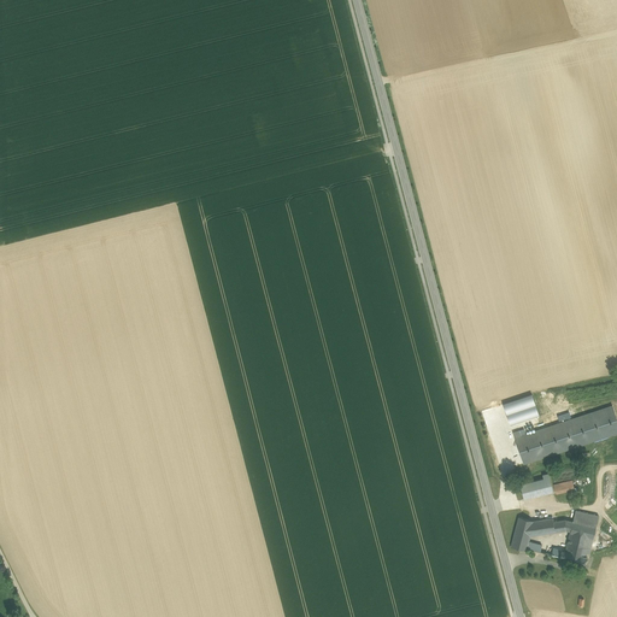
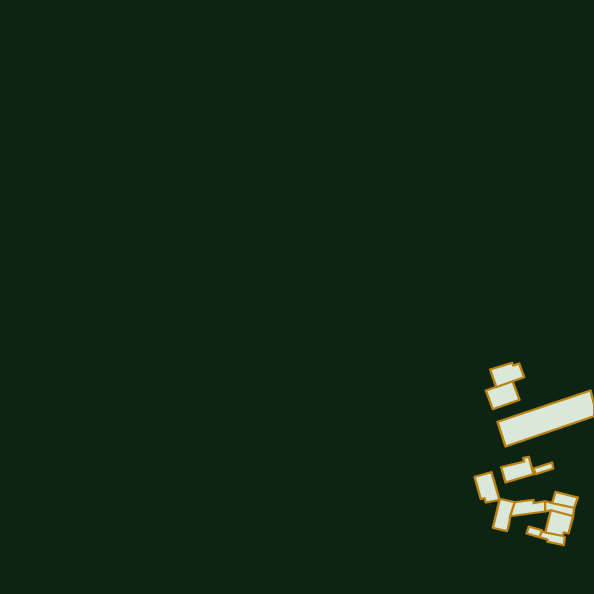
building: none -> [490,363,524,387]
building: none -> [474,472,500,503]

